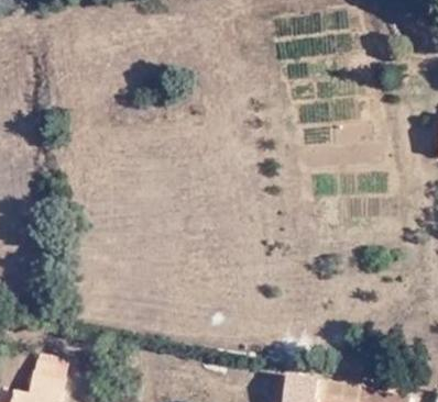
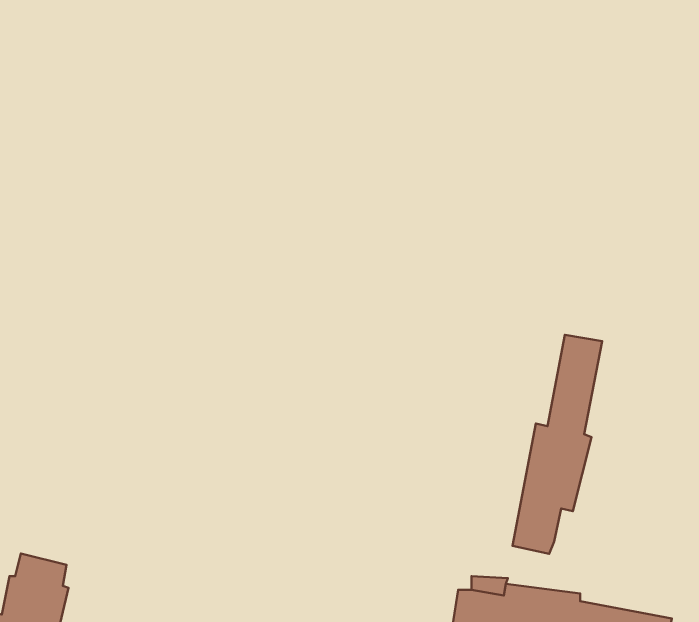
building: none -> [512,335,602,554]

